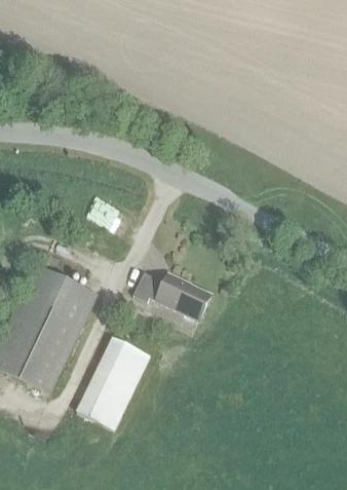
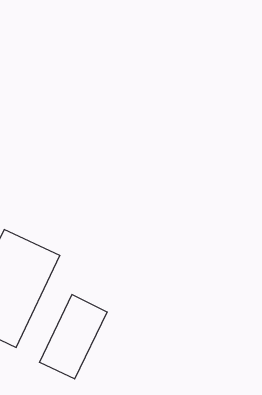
building: [132,270,210,319] -> none

